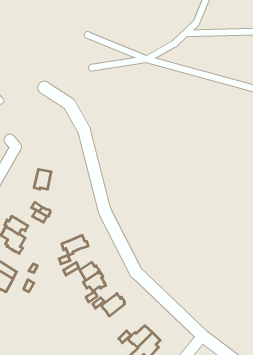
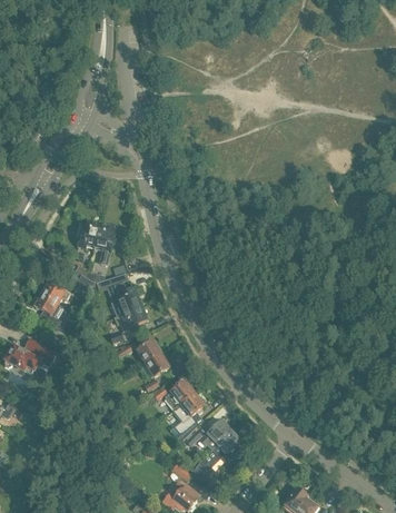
building: none -> [96,224,116,263]
building: none -> [106,279,140,315]
building: none -> [172,393,205,440]

